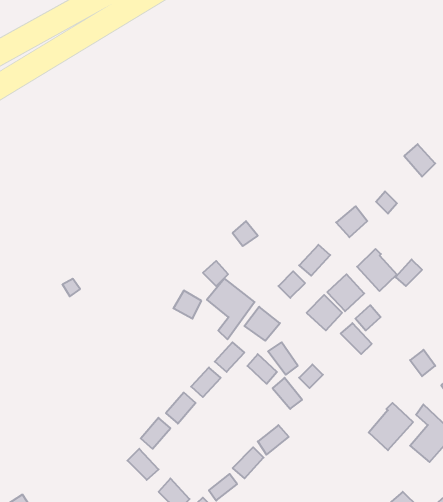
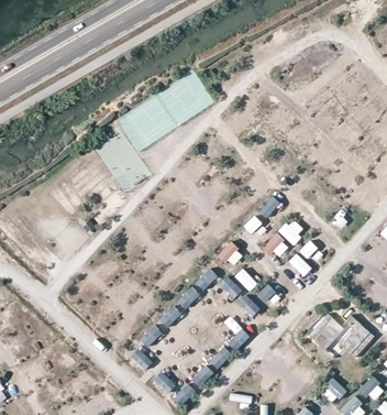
building: [357,249,397,291] -> none
building: [207,279,255,339] -> none

